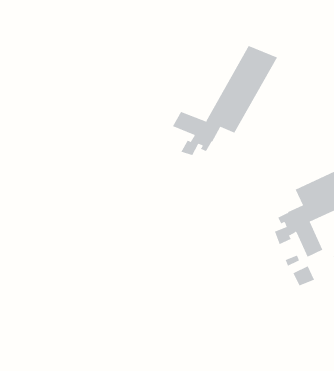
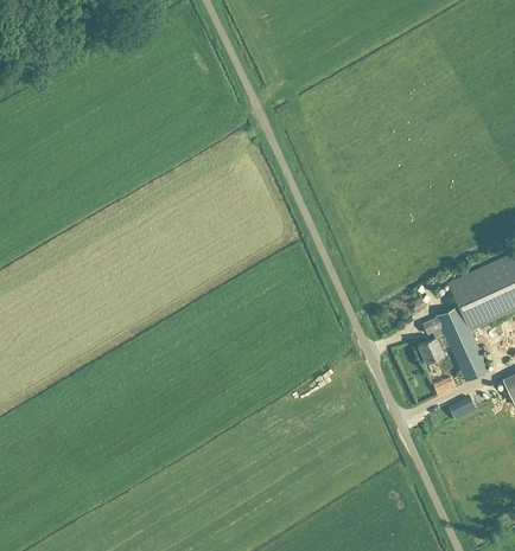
building: [172,45,278,156] -> none

